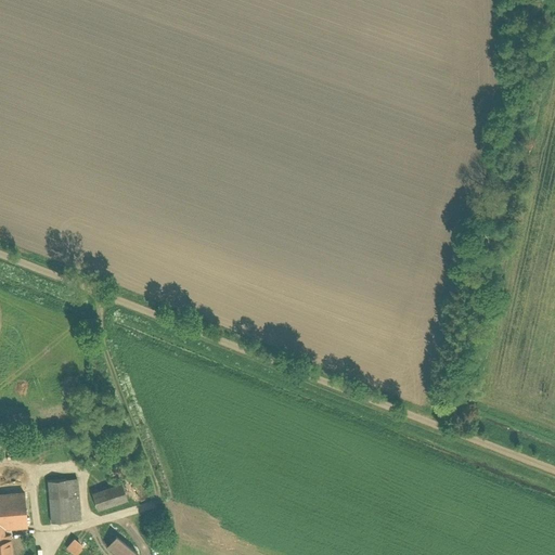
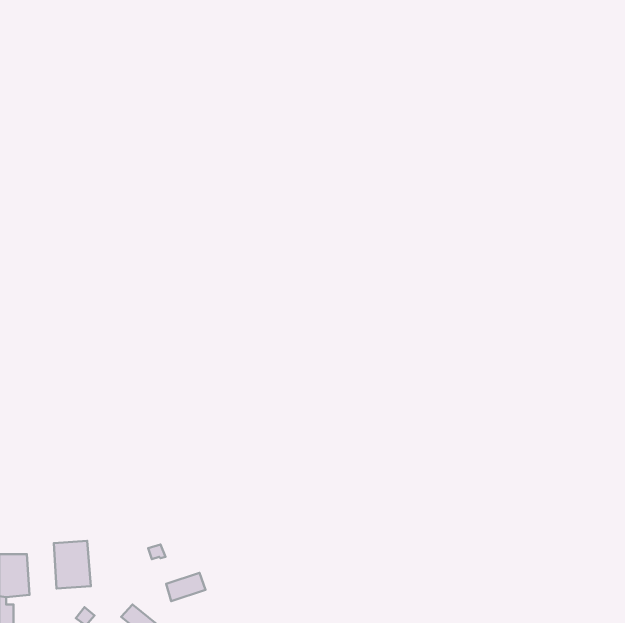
building: [92,486,127,511] -> [166,573,205,601]

